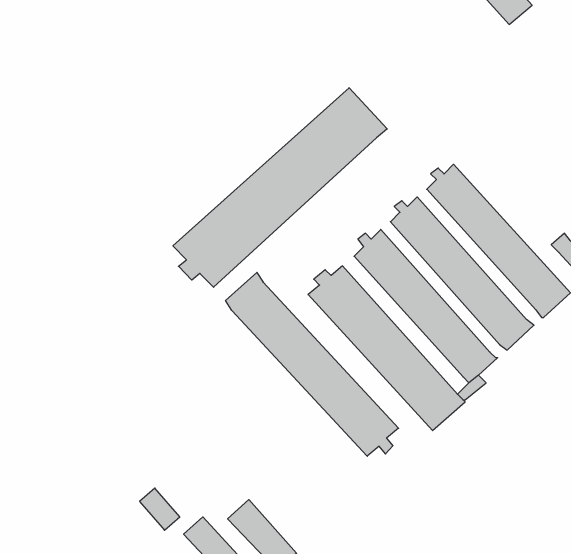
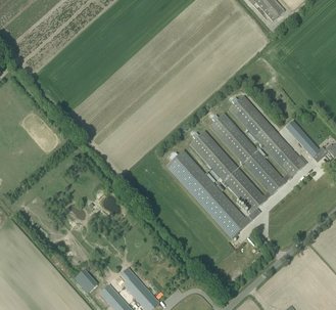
building: [173,88,387,287] -> none
building: [226,272,399,456] -> none

